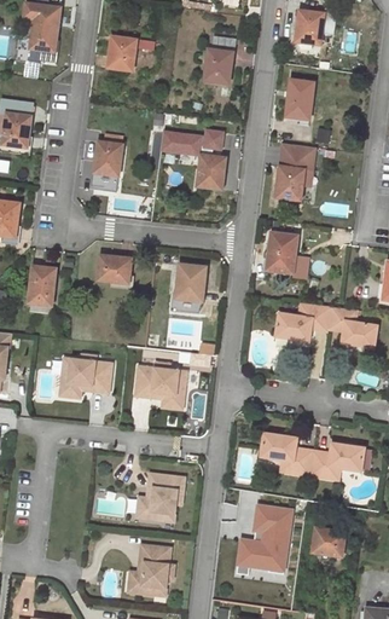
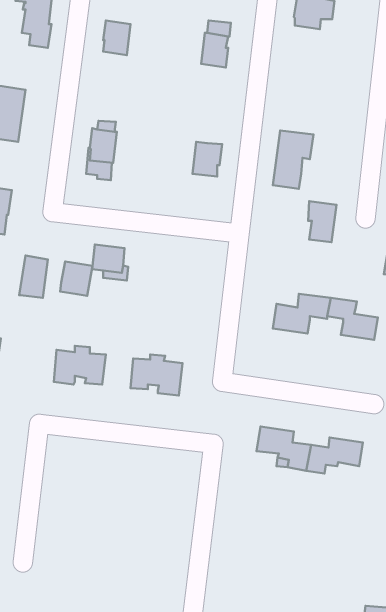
building: [285,80,313,117] -> none
building: [159,129,221,156] -> none
building: [268,233,296,273] -> [308,201,336,242]
building: [169,265,204,313] -> none
building: none -> [60,262,93,296]
building: [144,473,186,521] -> none
building: [236,505,295,574] -> none
building: [310,527,343,556] -> none
building: [134,544,175,596] -> none

